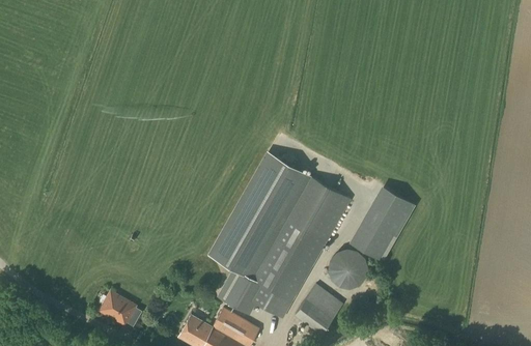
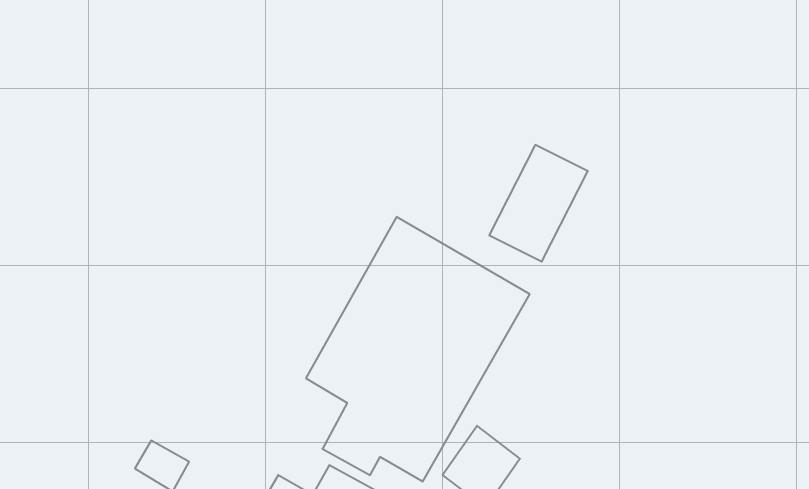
building: [354,182,416,256] -> [489,145,588,262]
building: [329,250,366,287] -> none

